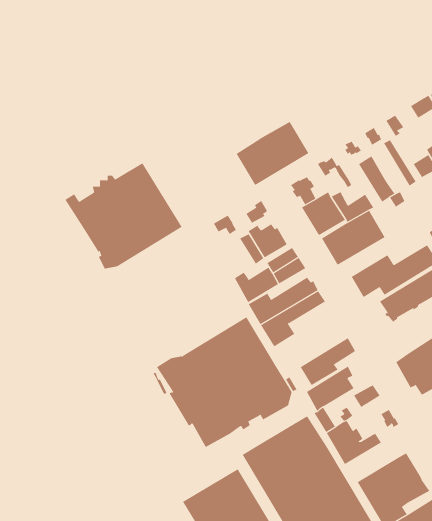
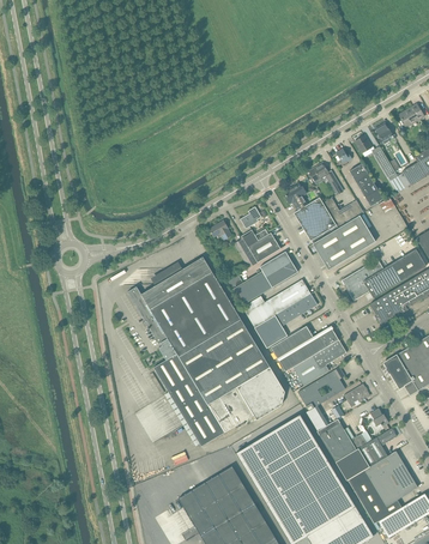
building: [236,121,309,186] -> none
building: [65,163,182,269] -> [127,256,241,359]
building: none -> [271,326,339,371]
building: none -> [336,428,397,480]

